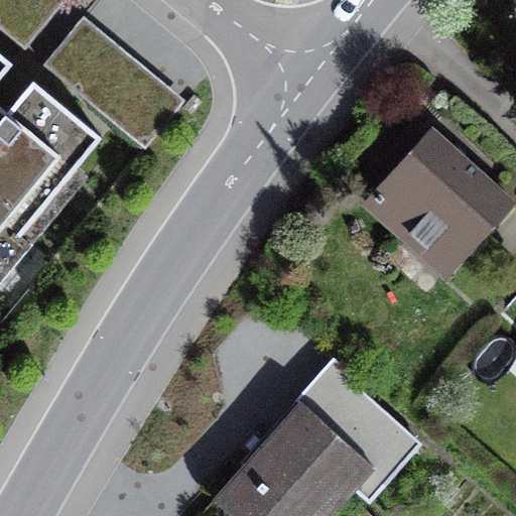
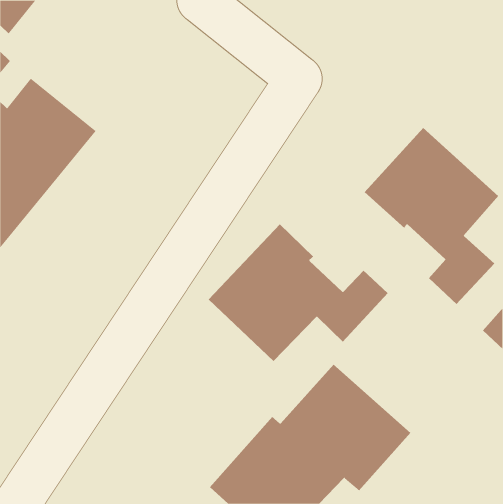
building: [42,21,164,135] -> none
building: none -> [208,223,389,362]

